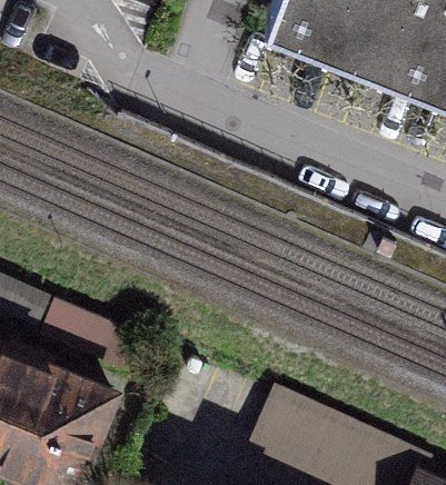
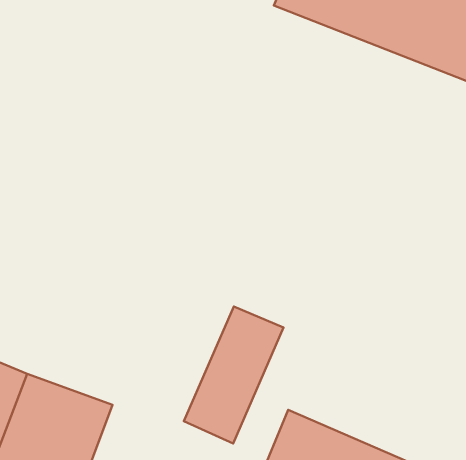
building: none -> [184,307,283,444]

